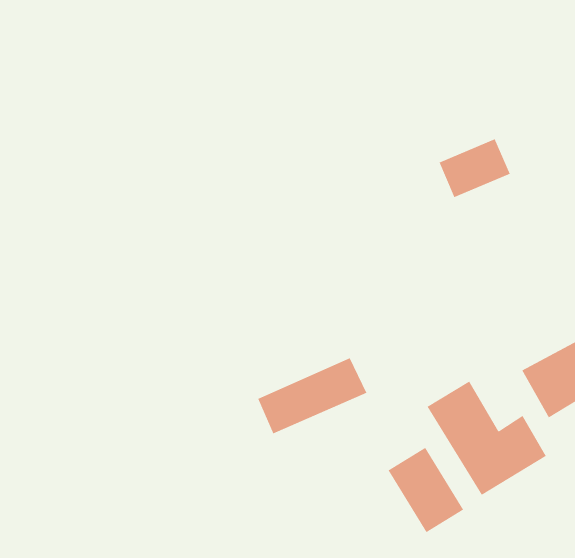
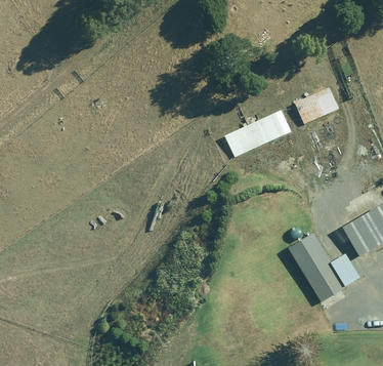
building: [257,357,367,435] -> [225,111,291,157]
building: [387,447,464,533] -> none

